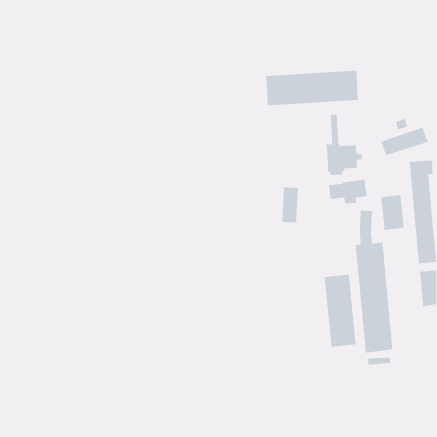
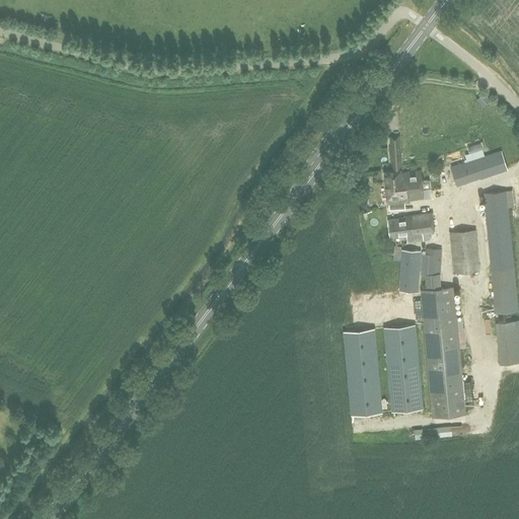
building: [266,70,359,106] -> none
building: [282,187,299,223] -> [399,250,420,293]
building: none -> [343,329,381,416]

